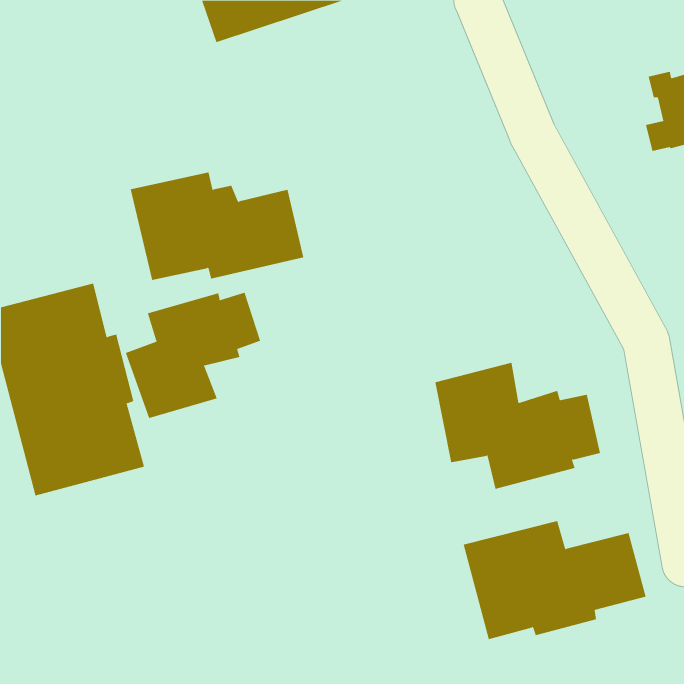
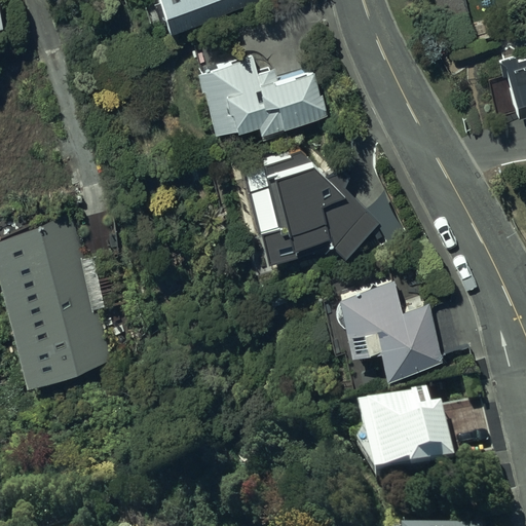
building: [130,172,304,280] -> [193,58,327,141]
building: none -> [235,144,379,263]
building: [125,292,261,419] -> none

